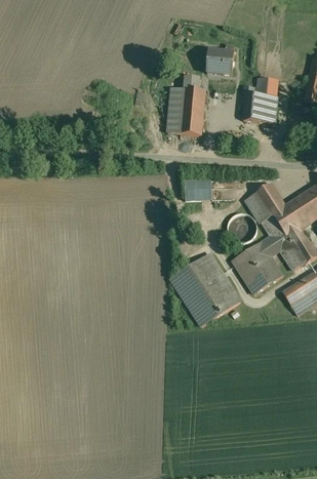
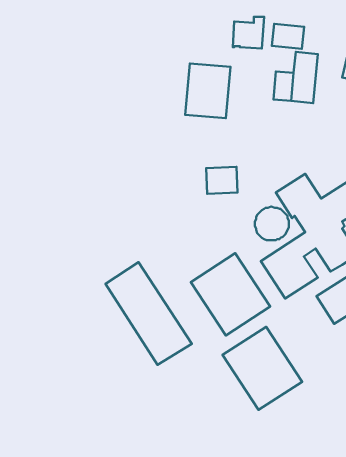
building: none -> [272,24,304,49]
building: none -> [105,262,192,365]
building: none -> [222,327,302,410]

